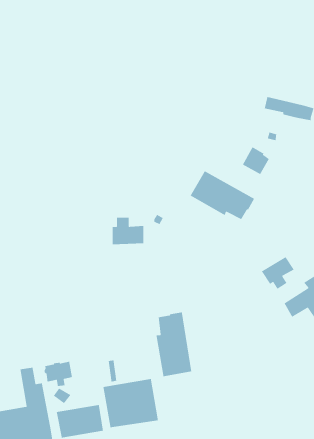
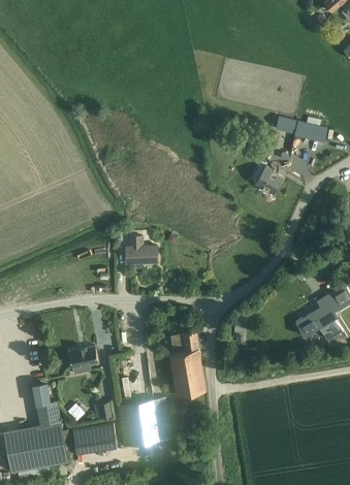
building: [189,170,255,220] -> none
building: [261,256,295,290] -> none
building: [44,361,73,387] -> [69,347,98,373]

